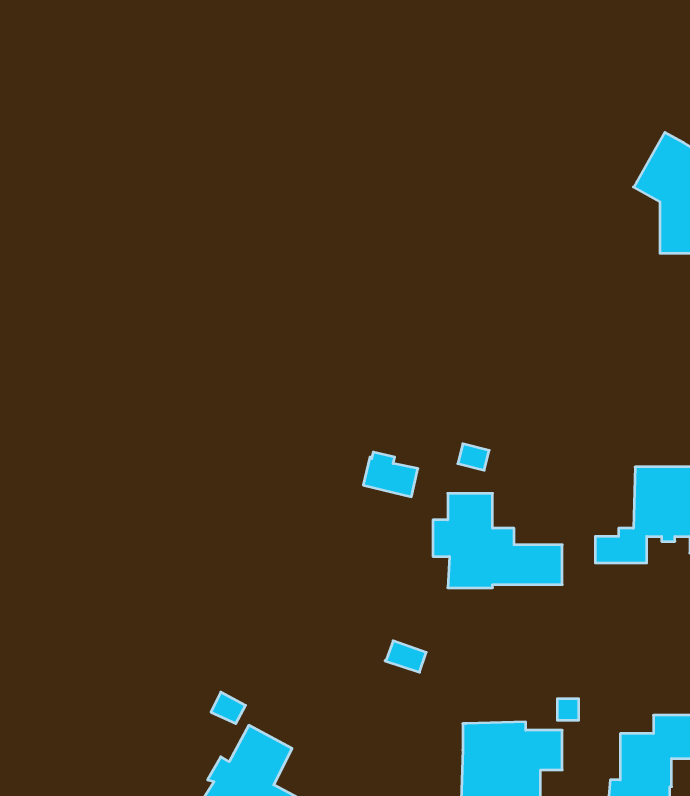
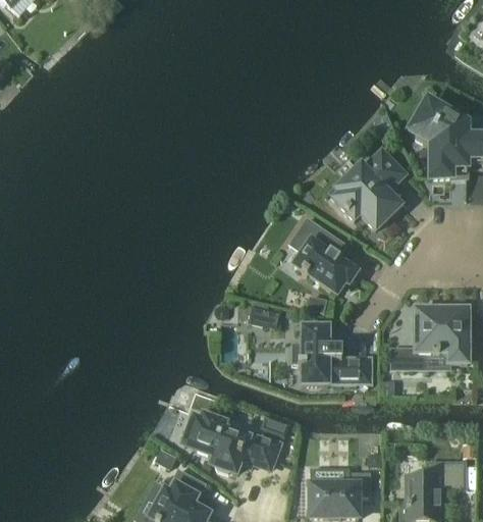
building: none -> [331,150,405,227]
building: none -> [296,217,357,293]
building: none -> [184,415,279,473]

